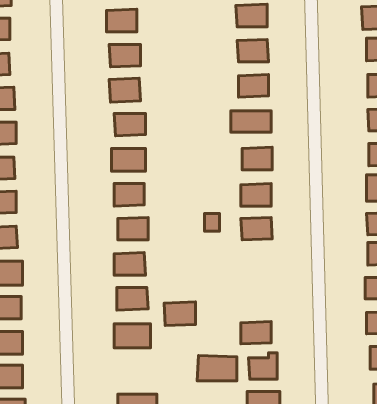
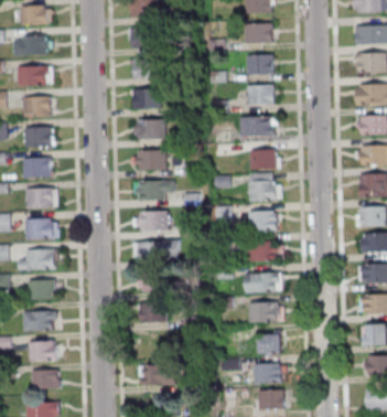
building: none -> [248,242,276,261]
building: [164,302,195,326] -> [246,272,273,293]
building: [197,356,237,381] -> none

